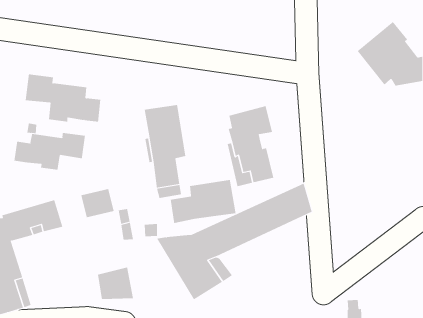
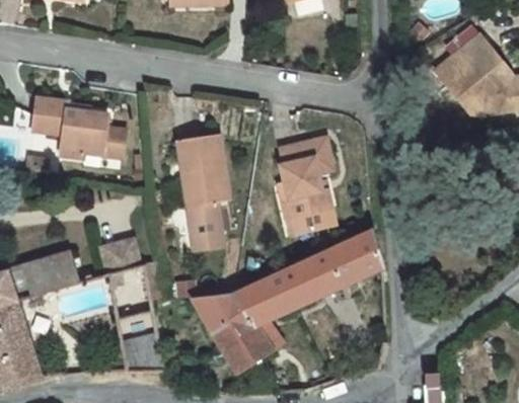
building: [14,132,85,171] -> none
building: [170,179,236,224] -> none

